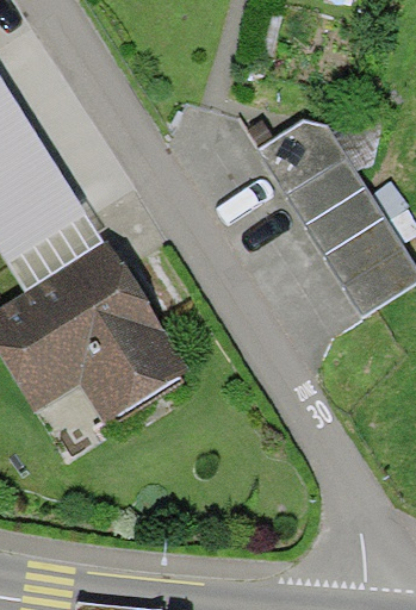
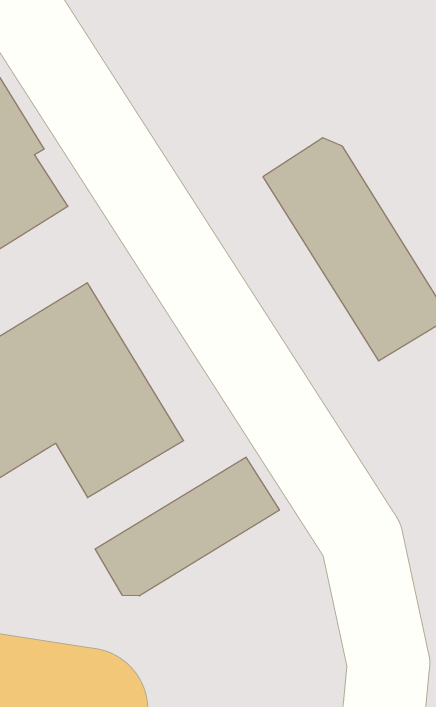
building: none -> [95,457,279,596]

